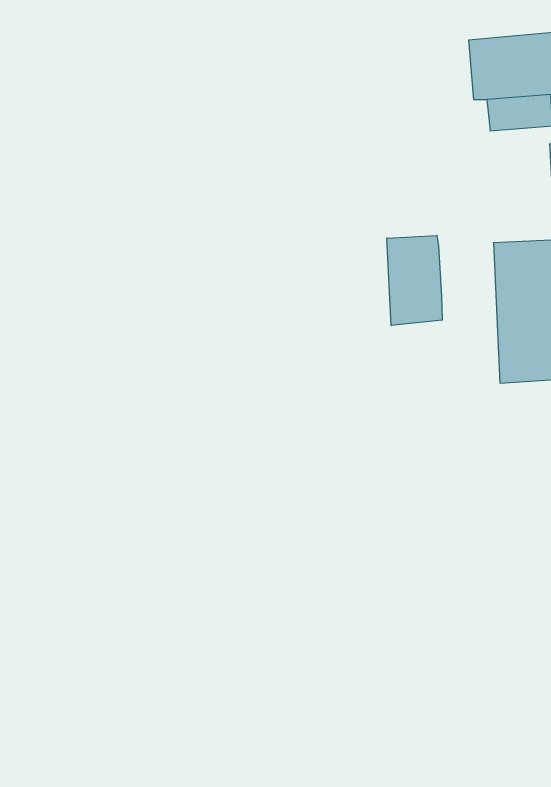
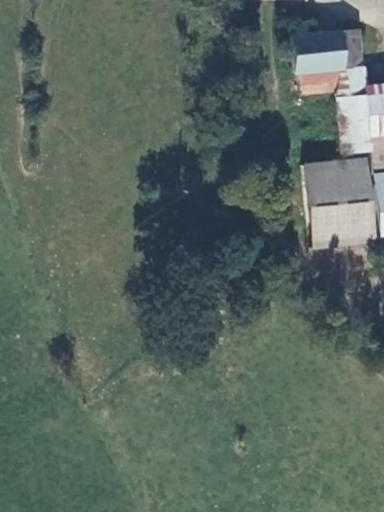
building: [387,235,442,326] -> none

